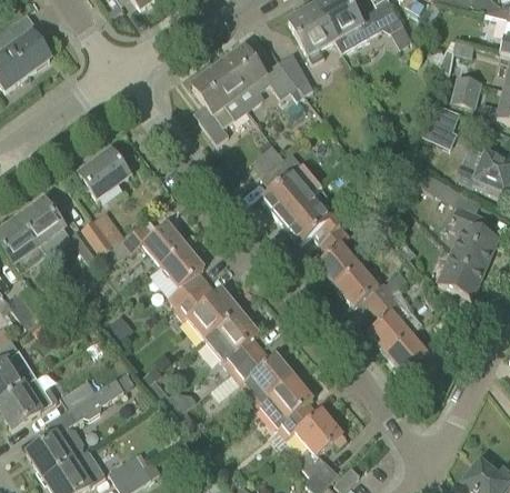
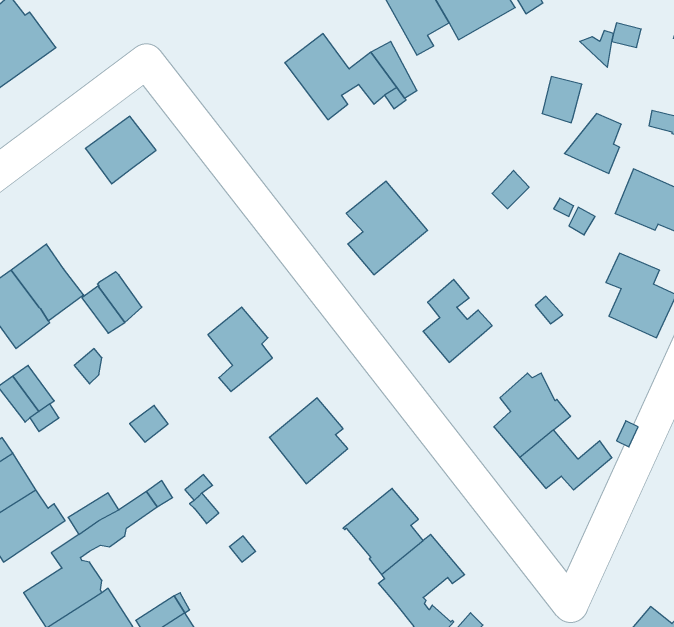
building: [193,68,248,143] -> none
building: [452,74,481,108] -> [542,77,582,123]
building: [79,150,130,199] -> [85,116,156,184]
building: [281,189,342,243] -> none
building: [123,221,186,264] -> none
building: [438,251,486,296] -> none
building: [336,264,392,310] -> none
building: [174,281,240,339] -> none
building: [232,346,294,404] -> none

